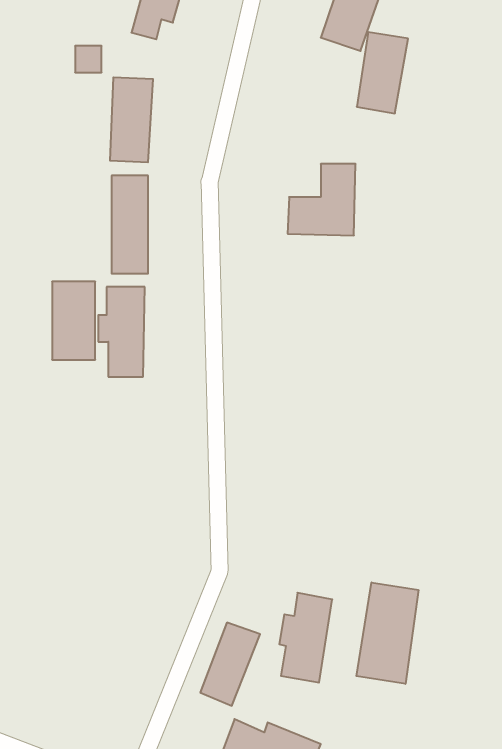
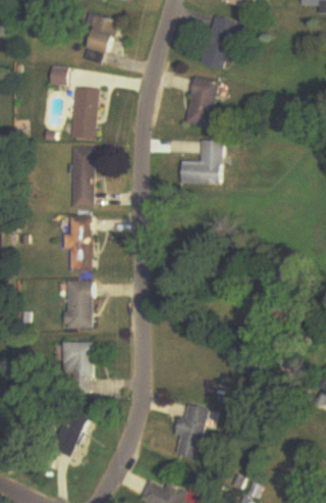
building: [357,32,408,113] -> [185,78,217,128]
building: [52,282,95,360] -> [65,280,92,328]
building: none -> [61,341,91,384]
building: [356,582,418,684] -> none
building: [200,623,260,706] -> [52,407,89,458]

